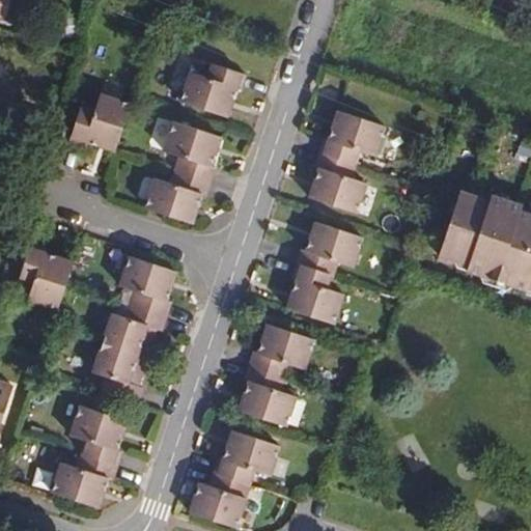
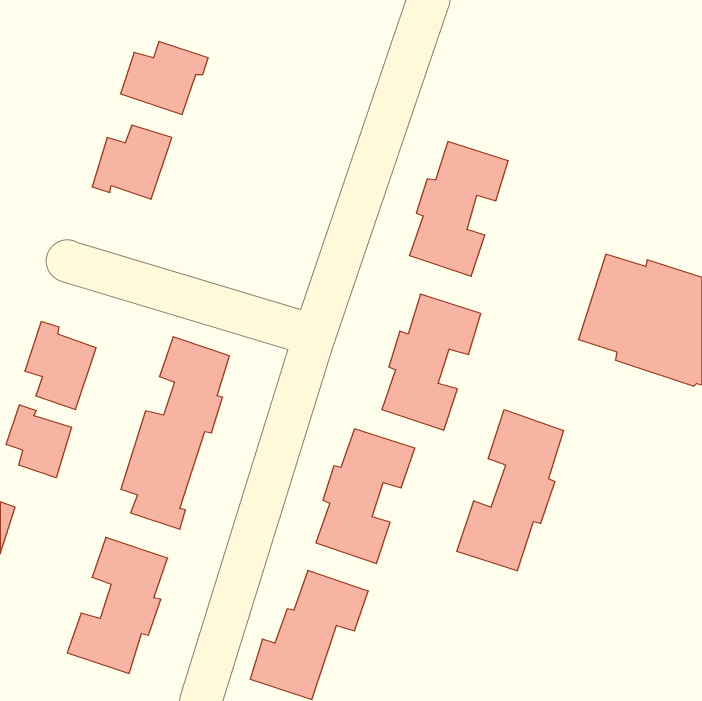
building: [178,62,245,117] -> [120,41,208,114]
building: [141,120,216,222] -> none
building: none -> [6,405,72,478]
building: none -> [457,410,564,571]

